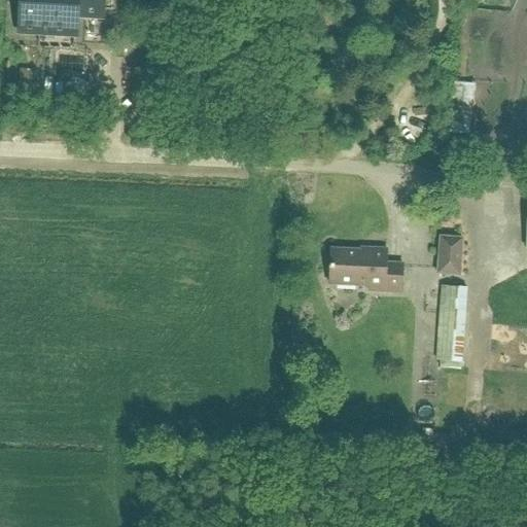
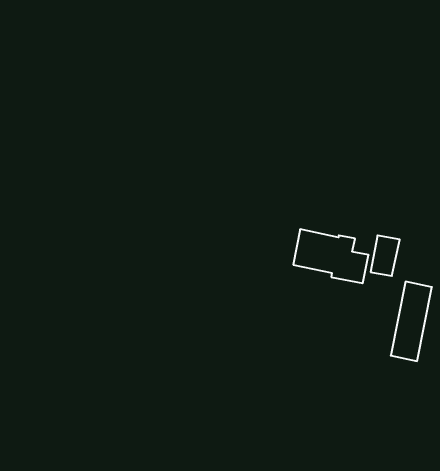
building: [437,235,462,273] -> [371,235,400,276]

